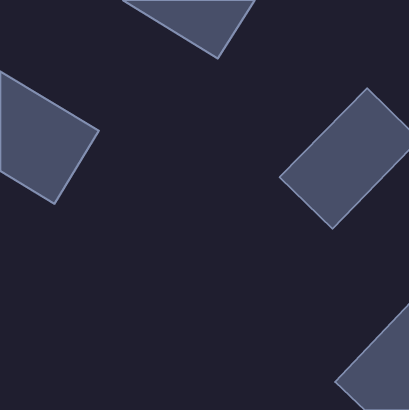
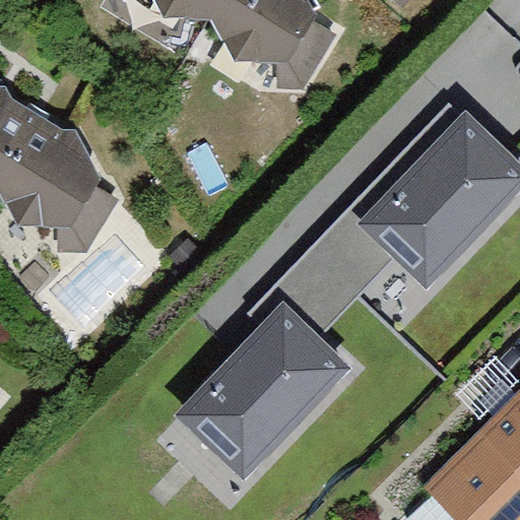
building: none -> [177,305,349,479]

